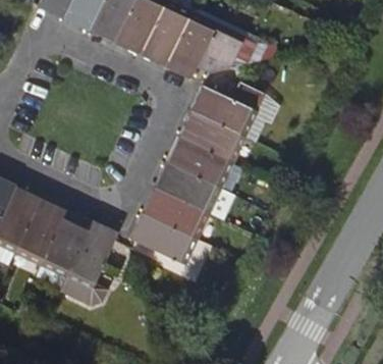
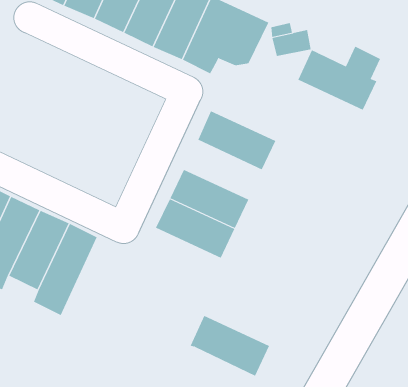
building: [189,82,262,138] -> [297,46,381,110]
building: [166,137,244,194] -> none
building: [129,213,199,266] -> [190,315,270,376]
building: [60,221,117,305] -> none

